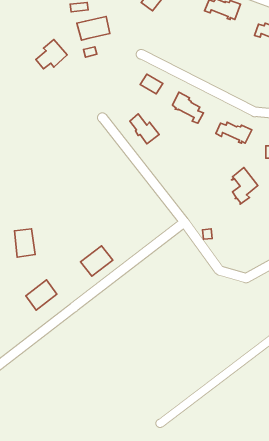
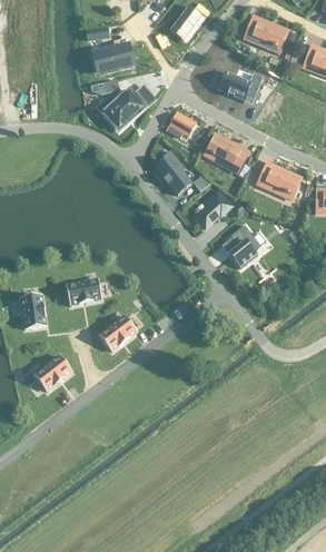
building: [36,40,67,69] -> [106,88,142,122]
building: none -> [219,71,263,98]
building: none -> [194,188,231,226]
building: [232,167,258,204] -> [229,223,260,266]
building: none -> [67,277,101,304]

